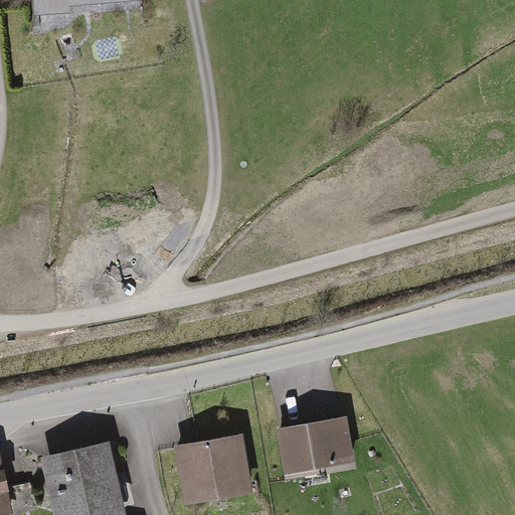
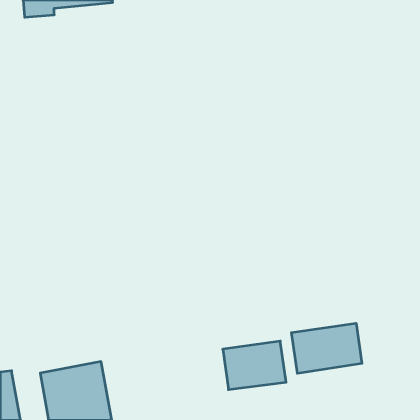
building: none -> [291,323,362,373]
building: [170,437,246,504] -> none

